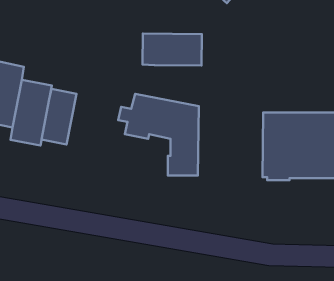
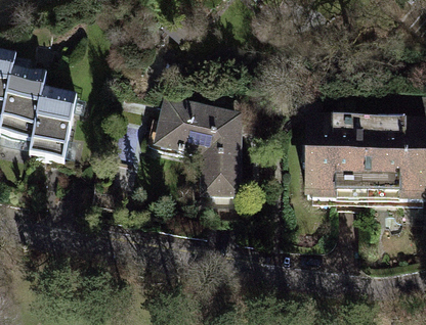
building: [142,33,202,65] -> none
building: [42,89,77,145] -> none

